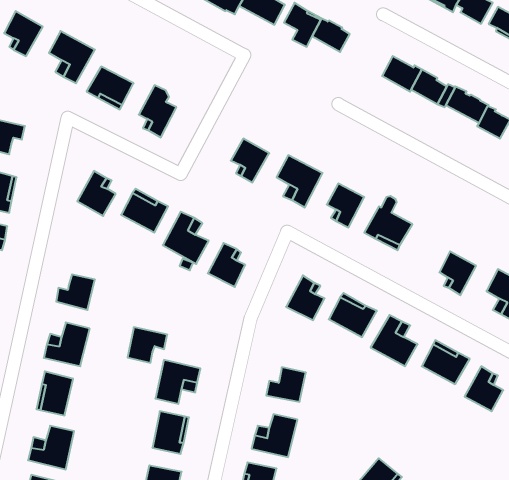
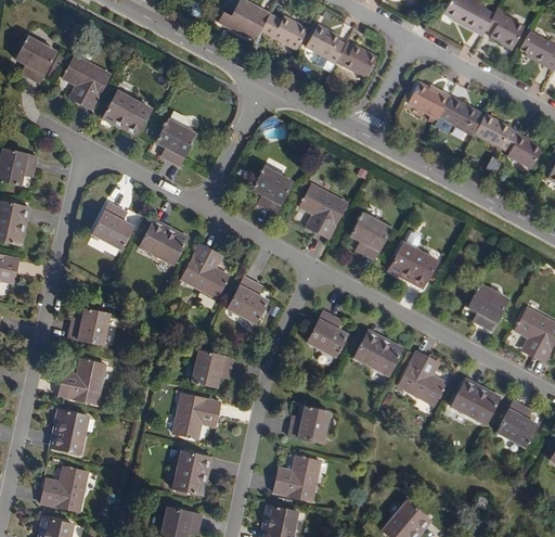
building: [128,327,167,363] -> [191,355,232,392]

